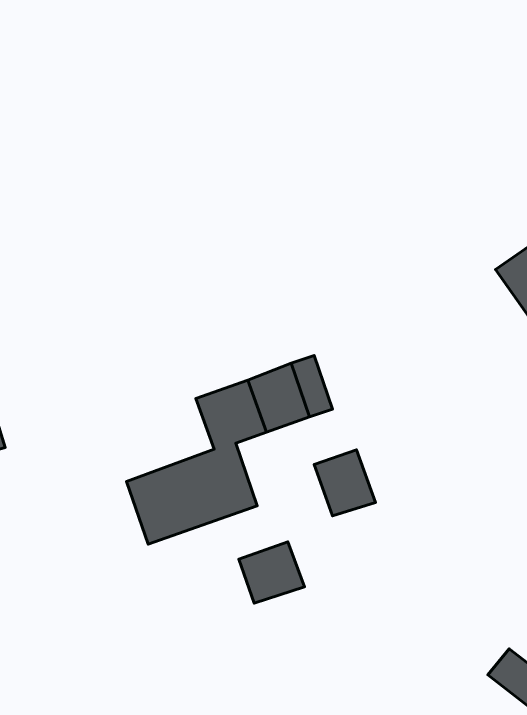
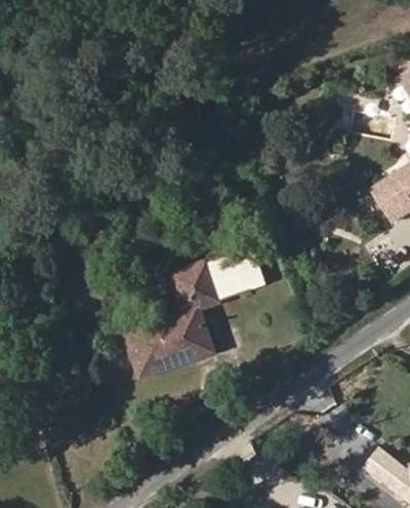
building: [314,450,376,516] -> none
building: [239,542,304,603] -> none

